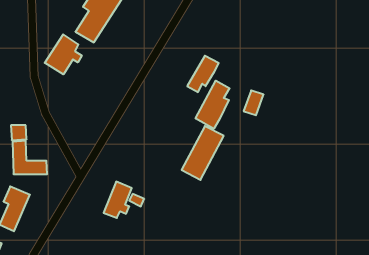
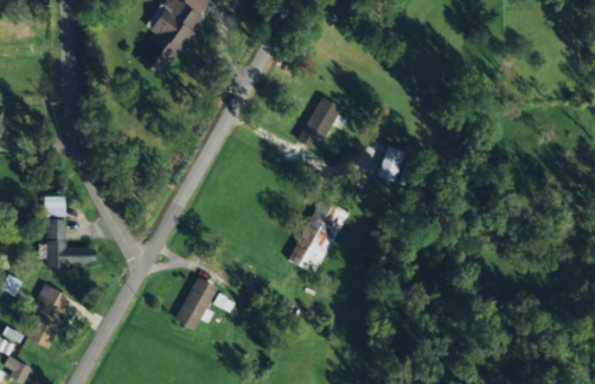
building: [45,34,82,74] -> none
building: [196,81,230,129] -> none

